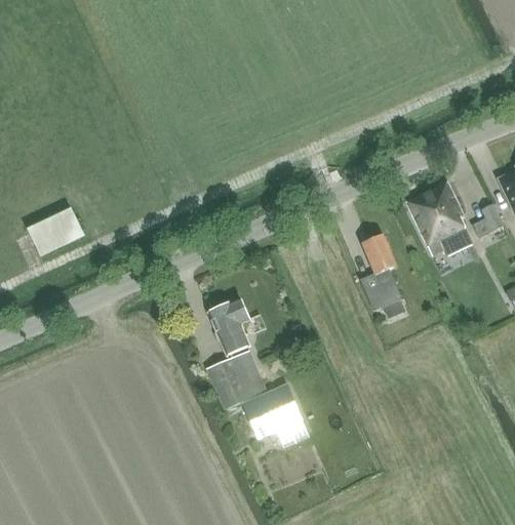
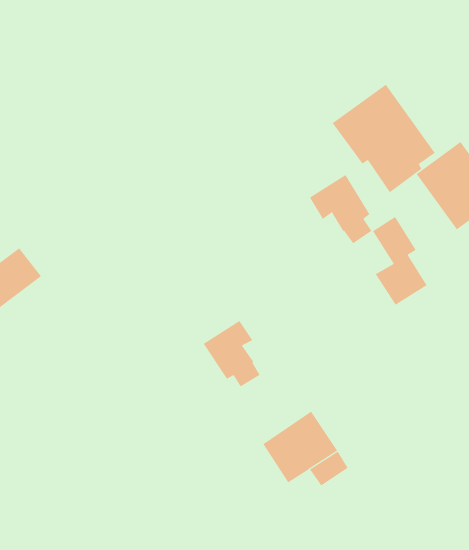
building: none -> [332,84,436,193]
building: none -> [309,174,372,244]
building: [206,350,268,410] -> none

